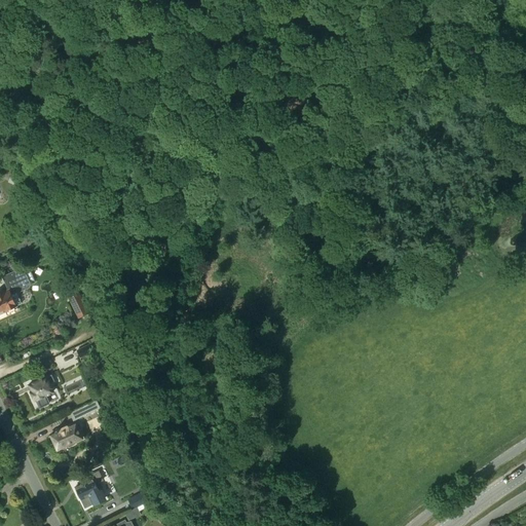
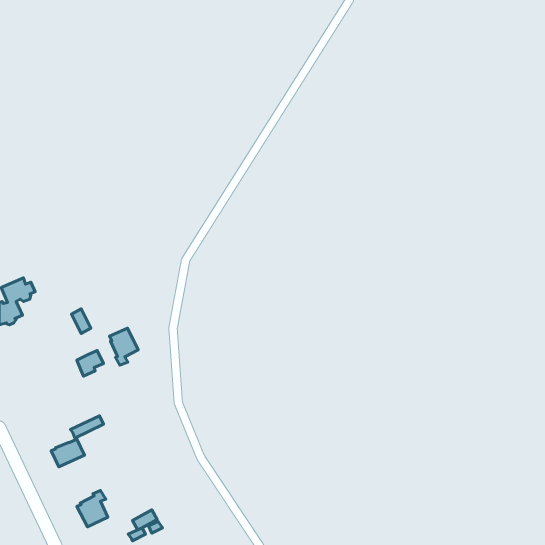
building: none -> [110,328,138,365]
building: [28,375,53,409] -> none

